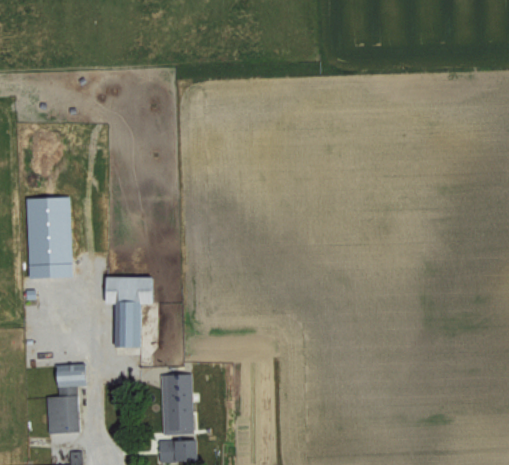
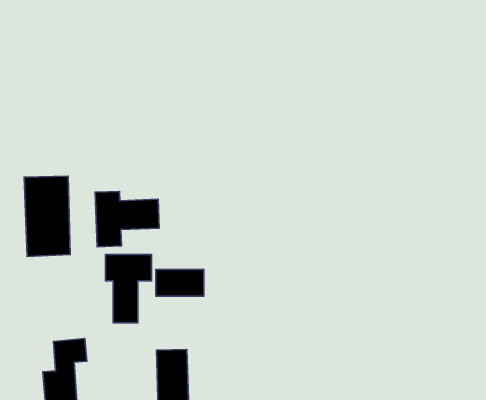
building: none -> [95,191,159,247]
building: none -> [156,270,204,296]

